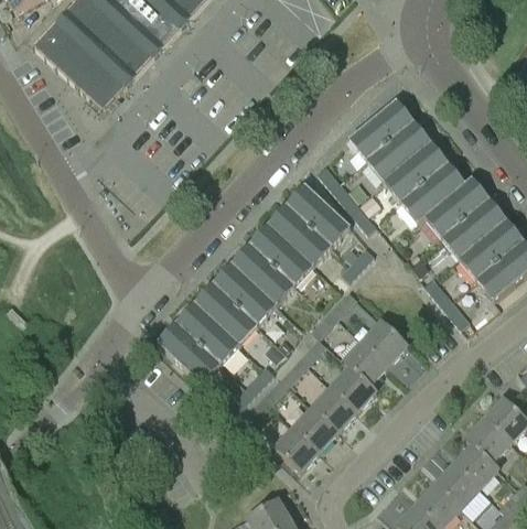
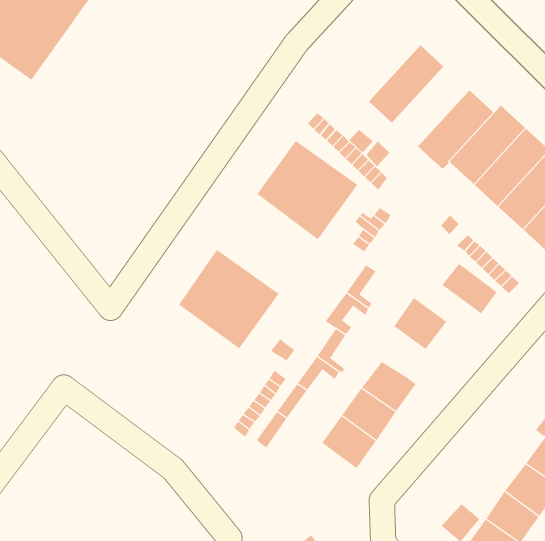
building: [349,99,415,161] -> none
building: [384,141,449,202] -> none
building: [232,223,313,304] -> none
building: none -> [441,263,497,314]
building: [158,302,239,384] -> none
building: [344,342,387,384] -> none
building: [276,427,320,471] -> none

